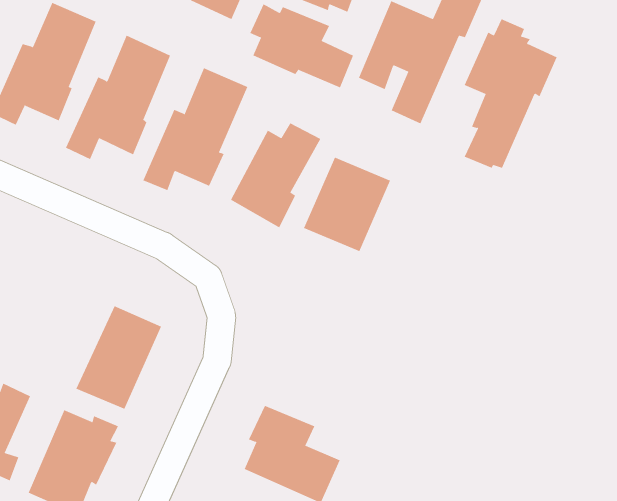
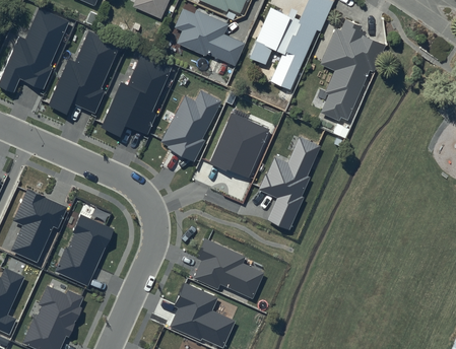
building: none -> [259,137,320,230]
building: none -> [11,189,68,263]
building: none -> [194,238,264,299]

